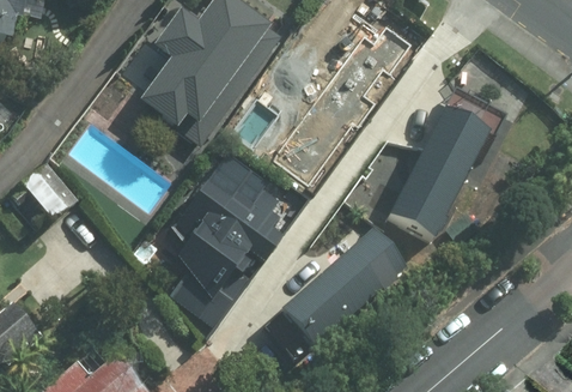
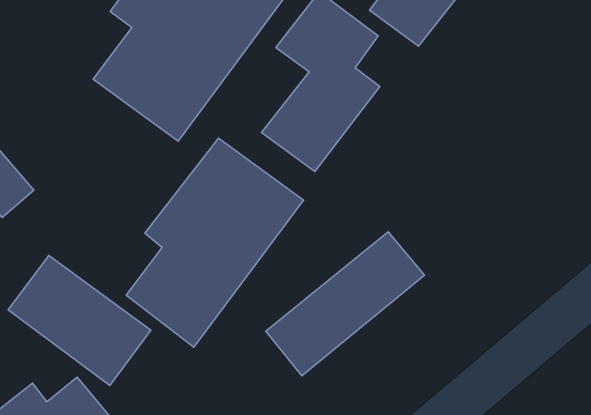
building: [388,105,489,237] -> none
building: none -> [8,256,151,386]

